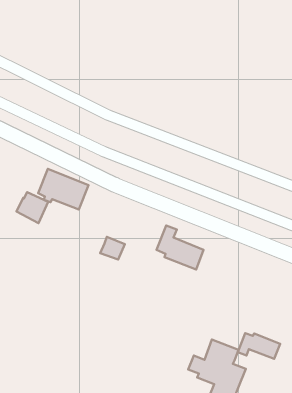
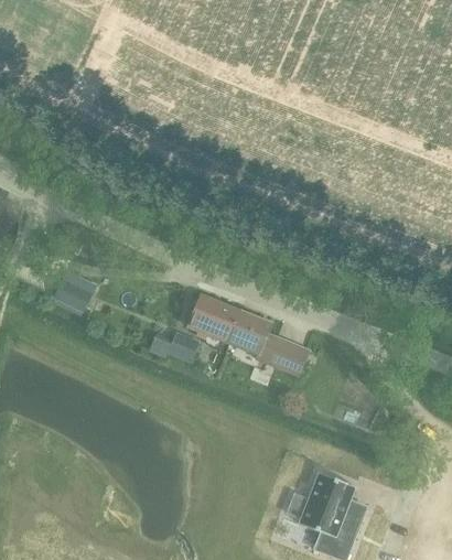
building: [38,169,89,210] -> [187,294,256,349]
building: [238,333,280,359] -> none

